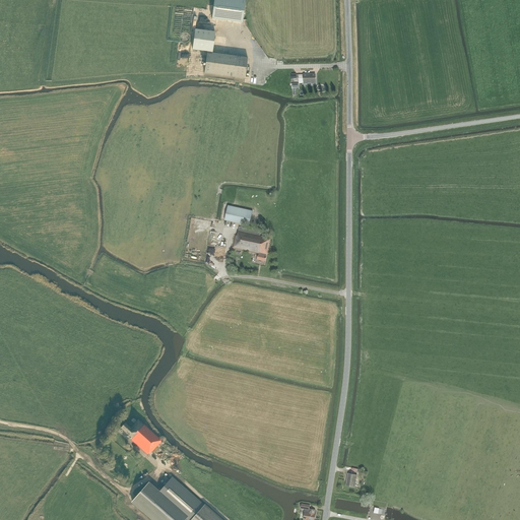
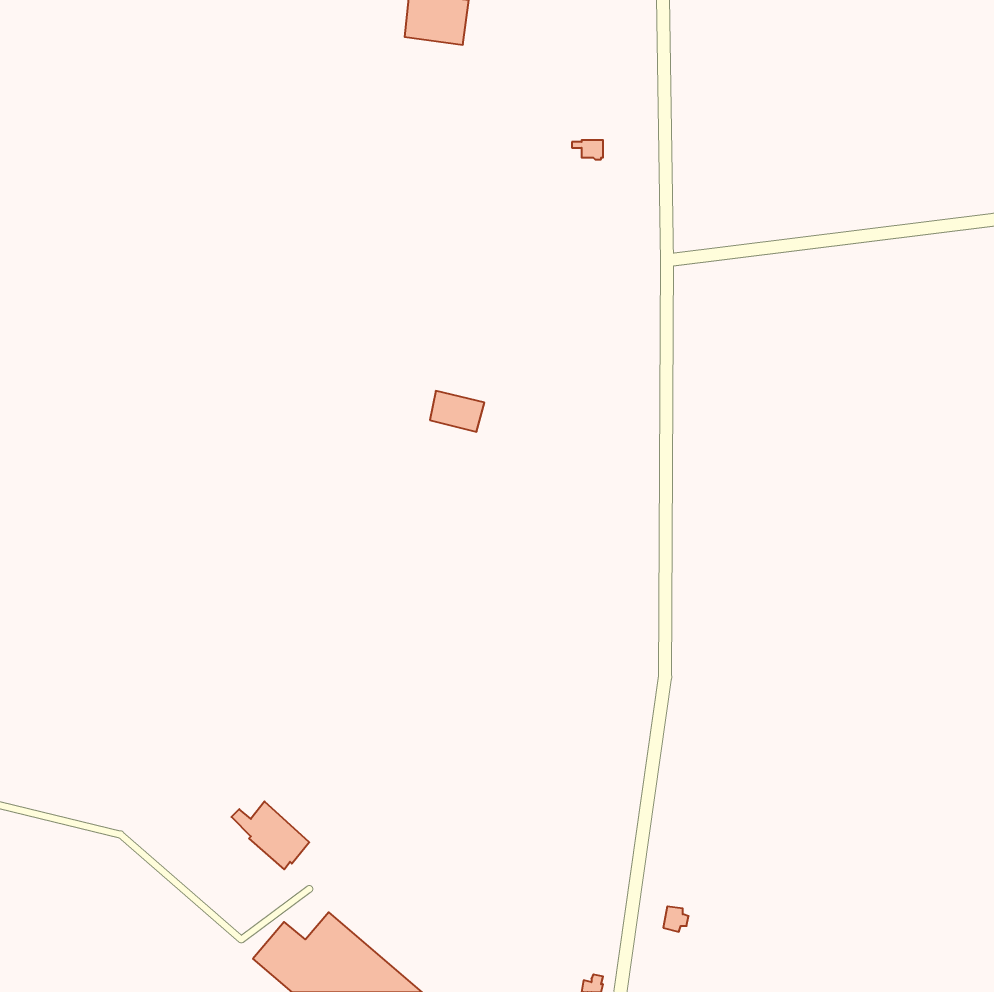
building: [192,28,248,77] -> none
building: [233,231,270,260] -> none

